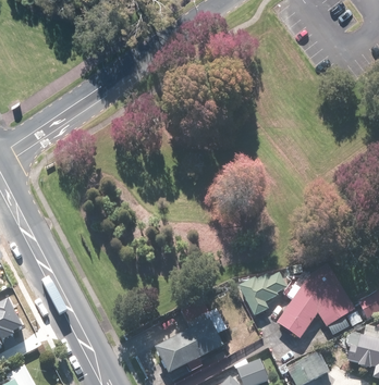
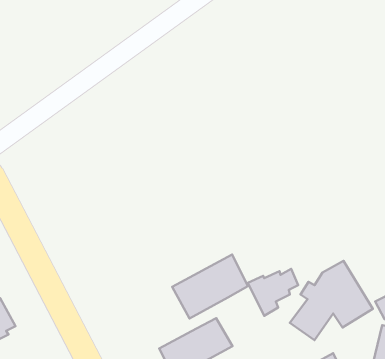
building: none -> [172,254,248,318]

